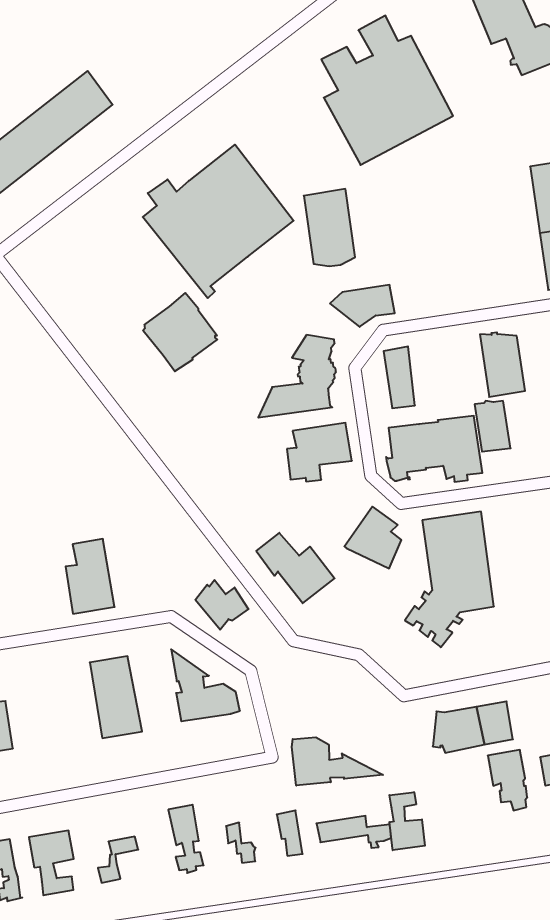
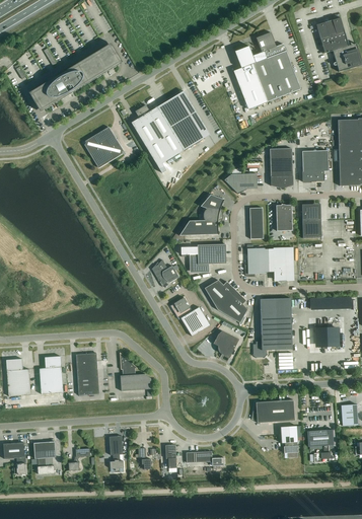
building: [304,189,355,266] -> [270,148,293,188]
building: none -> [302,150,328,181]
building: [143,293,217,371] -> [84,127,123,167]
building: [475,401,511,452] -> [276,204,292,230]
building: none -> [205,280,234,308]
building: [66,539,115,614] -> [40,356,63,393]
building: [195,580,249,630] -> [151,260,178,286]
building: none -> [213,330,238,357]
building: [292,737,383,786] -> none
building: [389,792,425,850] -> none

